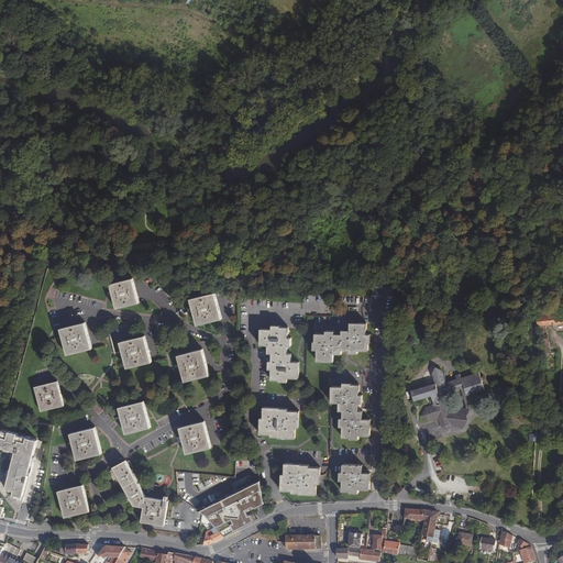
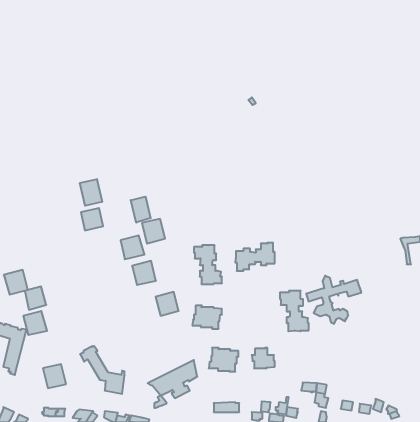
building: none -> [80,179,102,206]
building: none -> [131,197,151,223]
building: [58,322,90,355] -> [4,270,28,295]
building: [118,336,150,368] -> [121,235,145,259]
building: [329,384,367,438] -> [280,291,309,331]
building: [118,400,148,433] -> none
building: [178,420,209,452] -> [156,292,179,316]
building: [68,428,100,460] -> [23,311,47,335]

